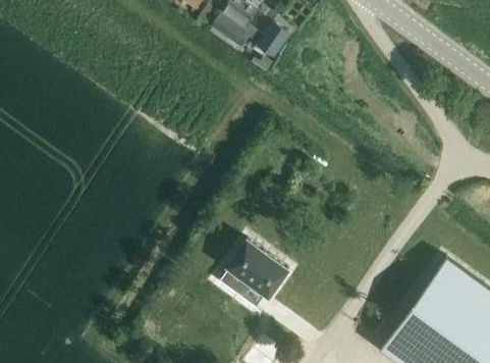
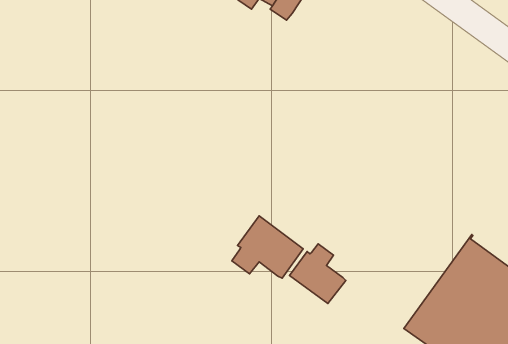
building: none -> [289,244,346,304]

